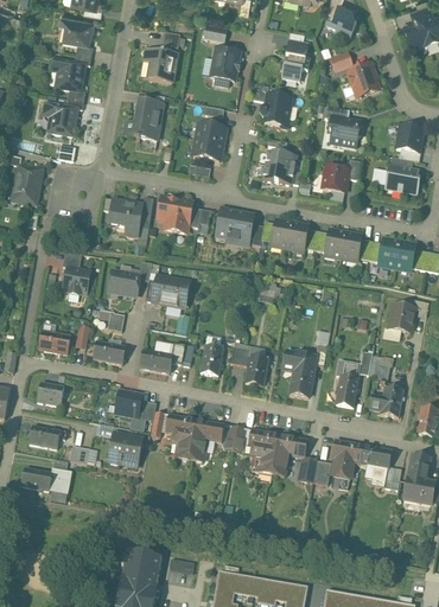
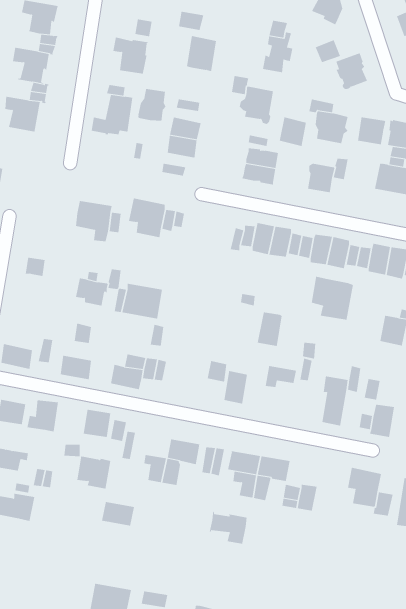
building: none -> [138,88,166,122]
building: none -> [279,116,307,147]
building: none -> [358,116,386,145]
building: [215,209,253,242] -> none
building: [62,267,89,295] -> none
building: none -> [311,276,354,321]
building: [199,345,222,376] -> none
building: [288,365,312,397] -> [257,312,283,347]
building: none -> [27,399,59,433]
building: [165,414,196,436] -> [101,502,135,526]
building: [331,440,362,475] -> none
building: none -> [209,511,247,544]

